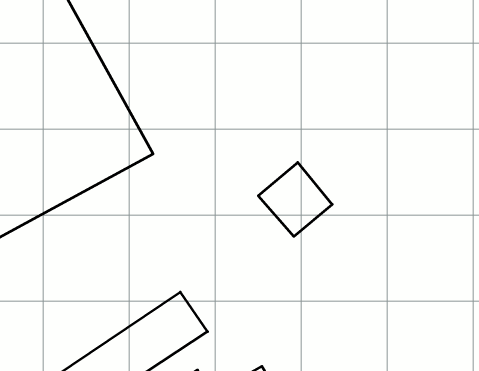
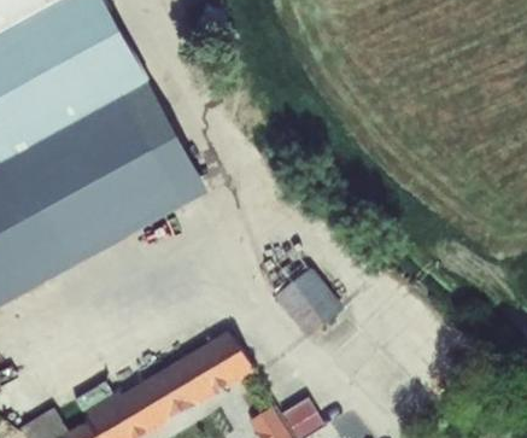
building: [258,162,332,236] -> [276,268,349,340]

